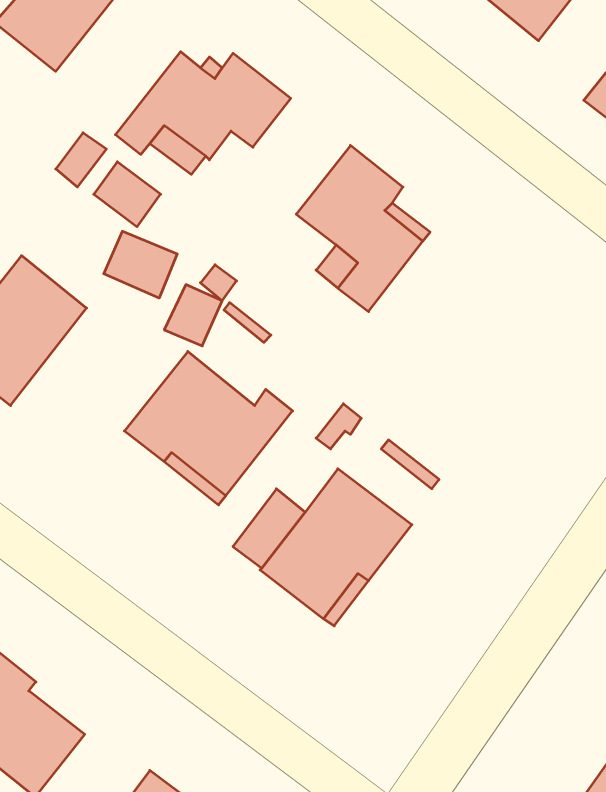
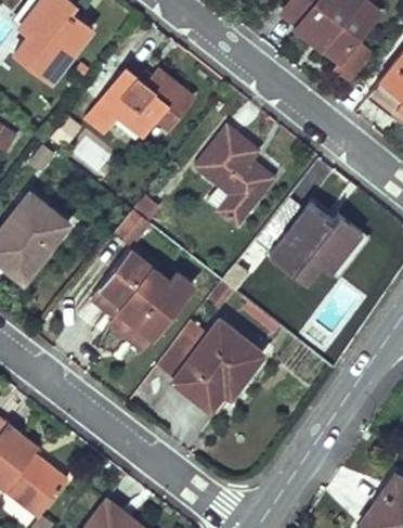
building: [104,231,177,298] -> none
building: none -> [269,203,361,284]

